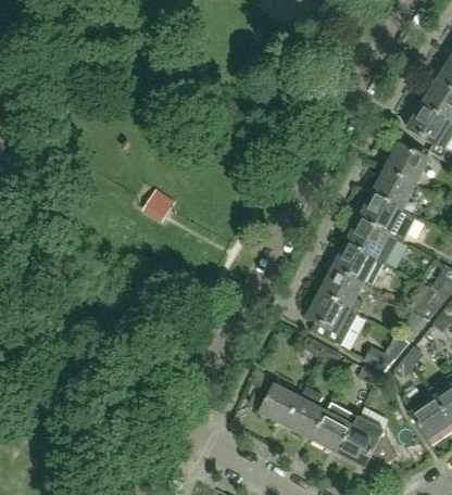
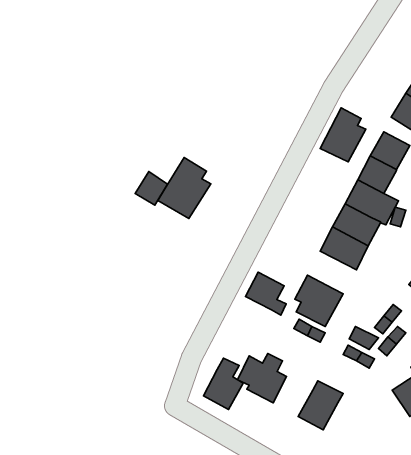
building: none -> [320,108,366,162]
building: none -> [158,157,211,219]
building: [321,268,363,313] -> [245,272,286,315]
building: [285,386,326,440] -> [203,358,243,409]
building: [337,416,398,468] -> none

